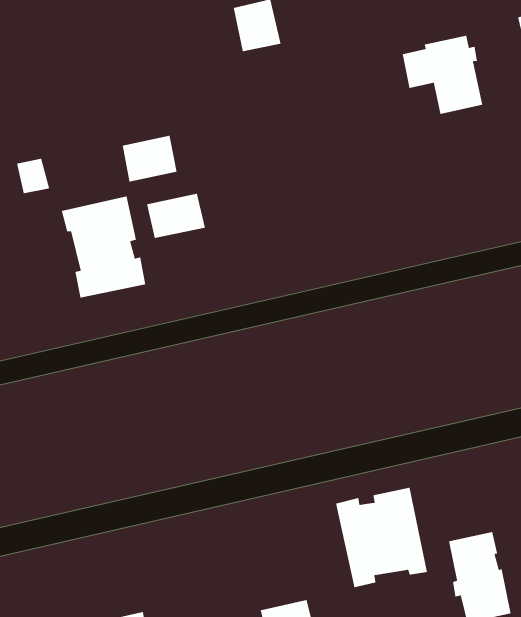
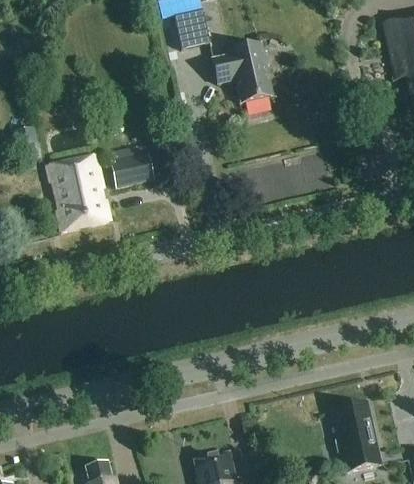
building: [402,35,483,115] -> [213,43,273,102]
building: [122,135,177,182] -> none
building: [335,487,428,588] -> none

